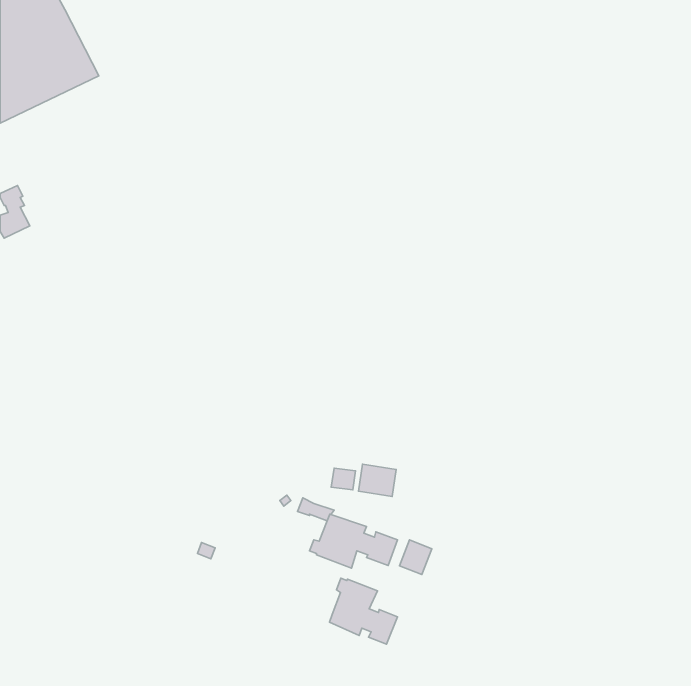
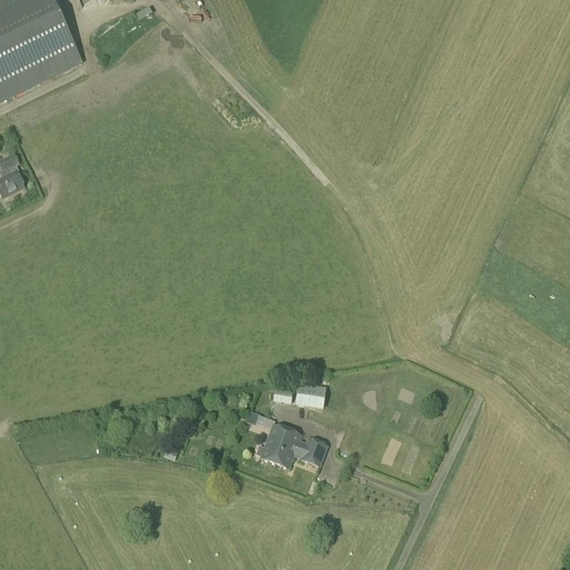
building: [399,540,432,575] -> none
building: [329,578,398,644] -> none

